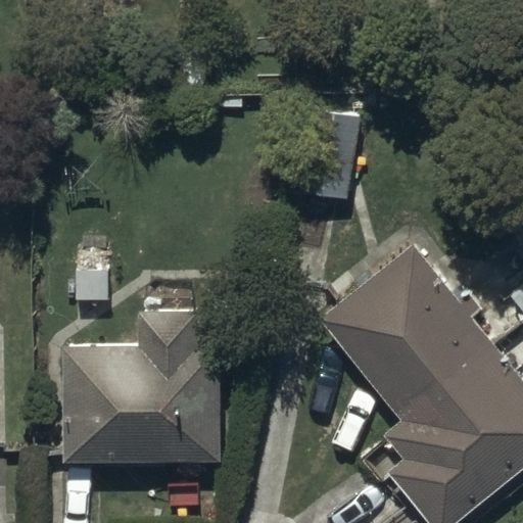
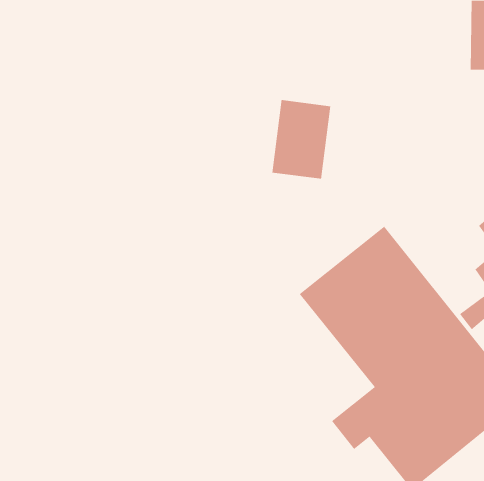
building: [64,313,219,463] -> none

